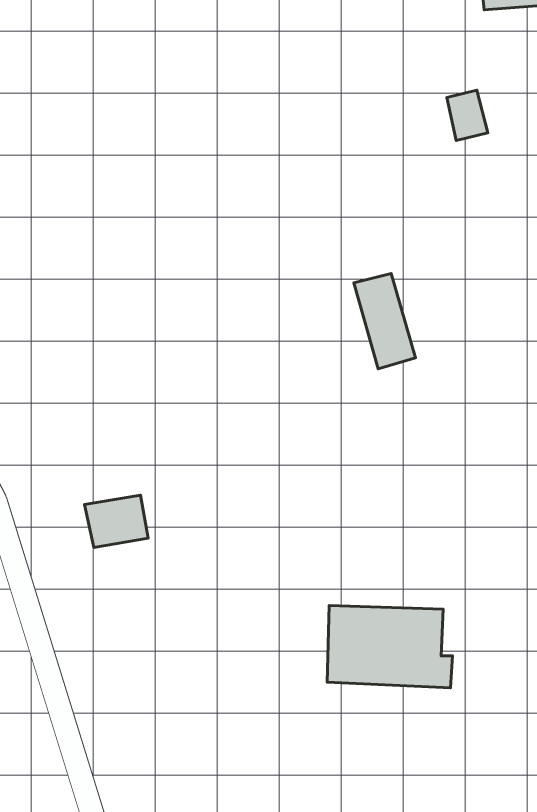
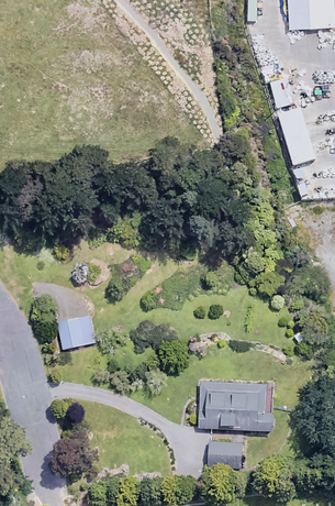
building: [354,274,415,369] -> [278,108,314,164]
building: none -> [206,441,239,465]

